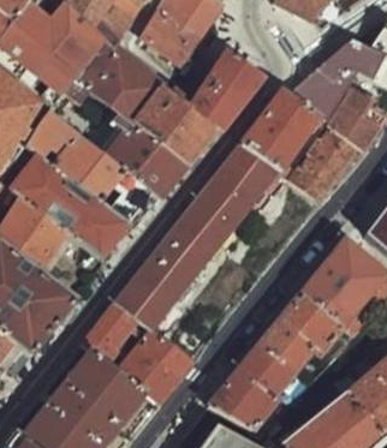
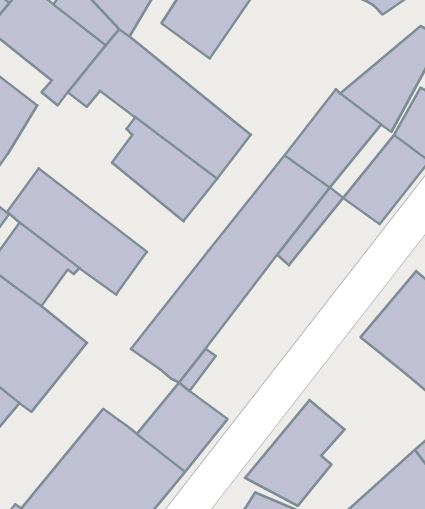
building: [189,50,262,131] -> none
building: [26,109,157,227] -> none
building: [261,292,341,368] -> none
building: [82,301,138,360] -> none

